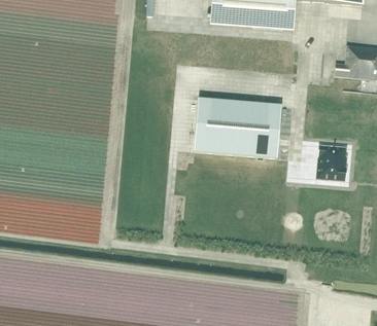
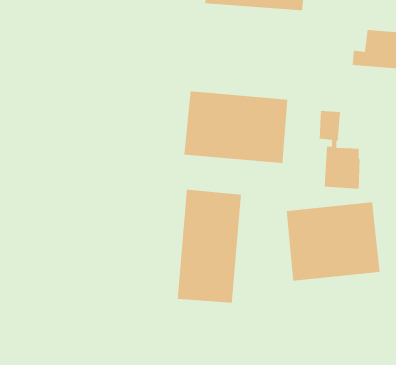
building: none -> [177,189,241,304]
building: none -> [286,201,380,281]

